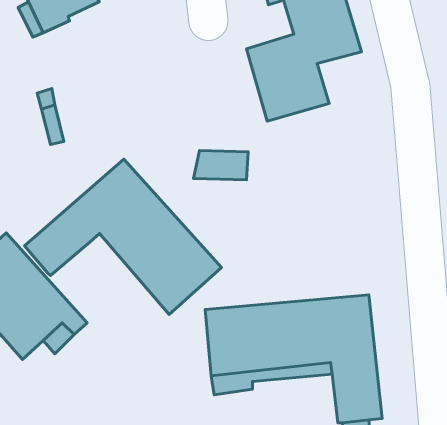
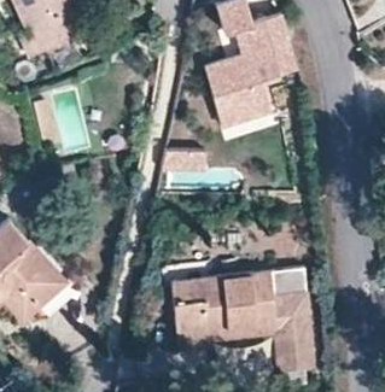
building: [24,159,222,315] -> none

